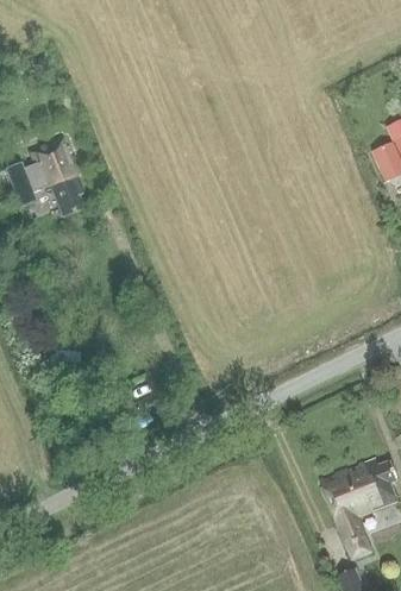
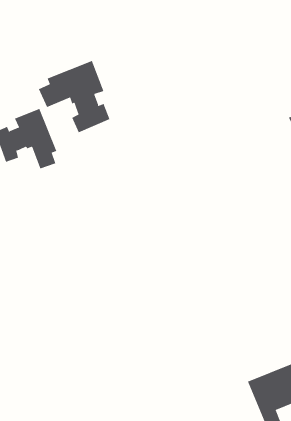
building: none -> [38,60,110,133]

